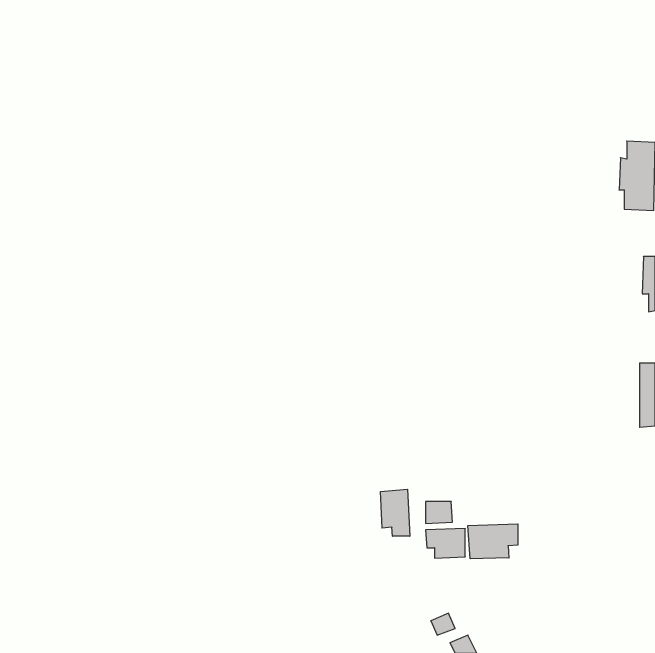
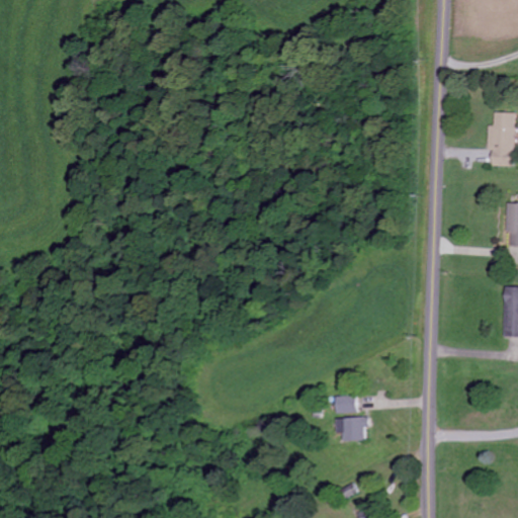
building: [381,489,410,536] -> none
building: [468,524,518,559] -> none

